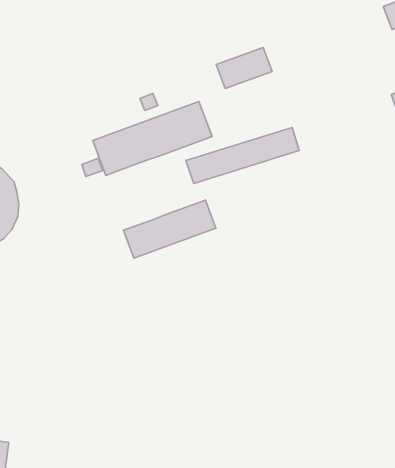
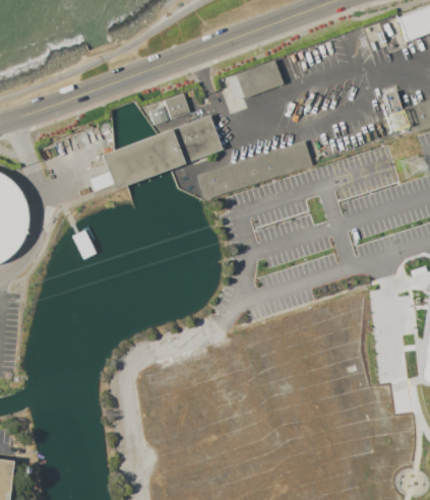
building: none -> [165,92,191,119]
building: [124,200,216,258] -> none

